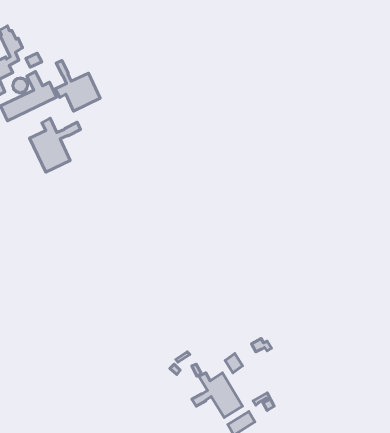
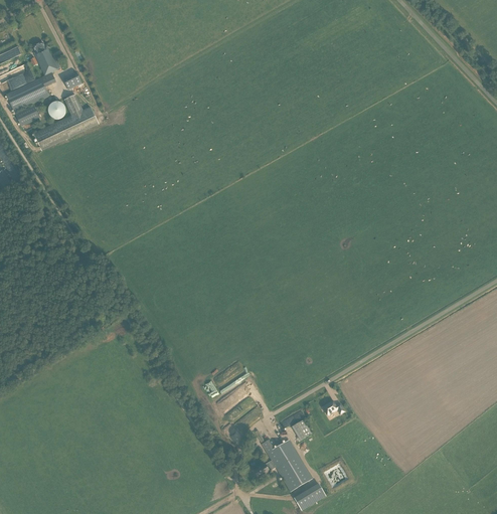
building: [55,60,100,111] -> none
building: [29,118,80,172] -> none

